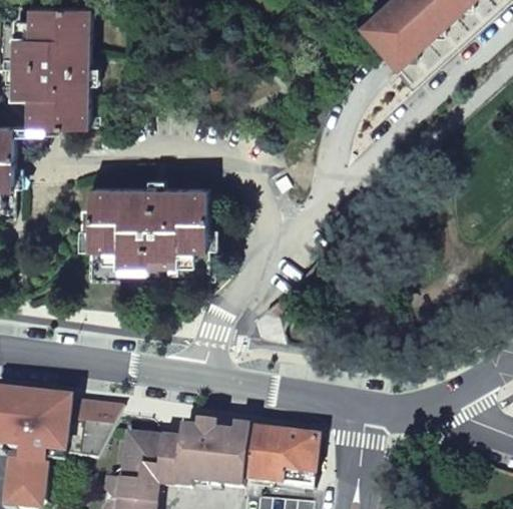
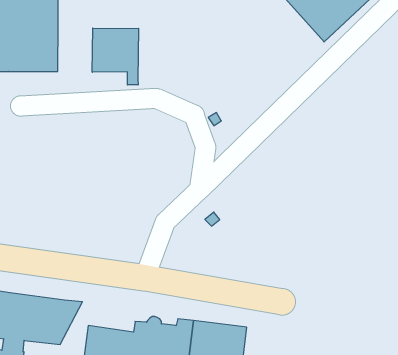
building: none -> [92,28,139,85]
building: [76,181,205,276] -> none

